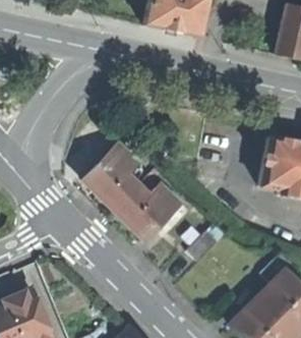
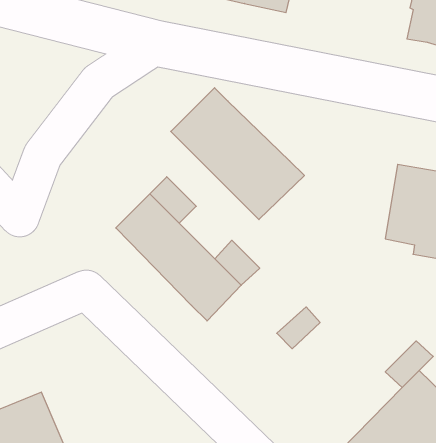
building: none -> [171,88,304,220]

